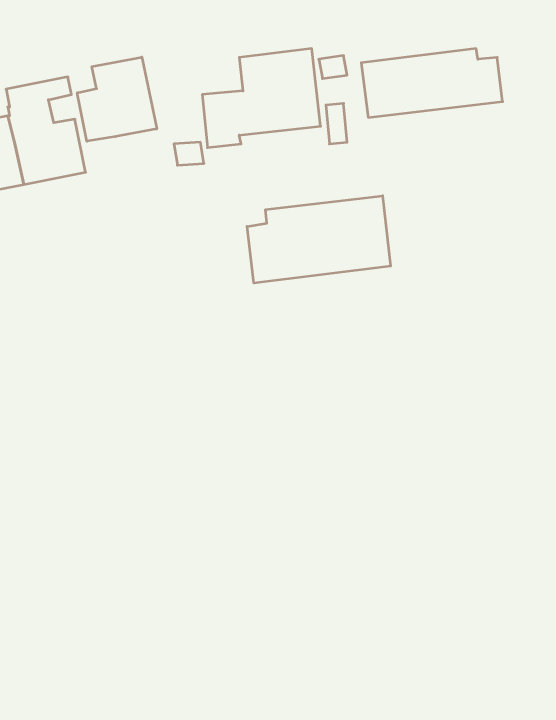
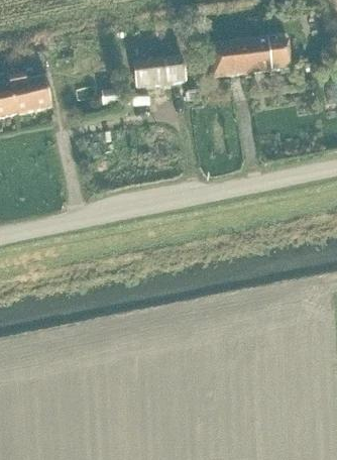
building: [77,57,157,141] -> none
building: [247,196,391,283] -> none

